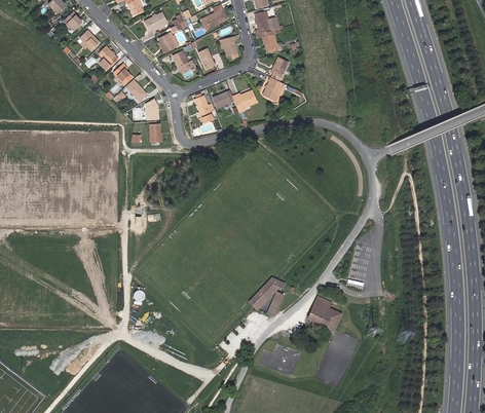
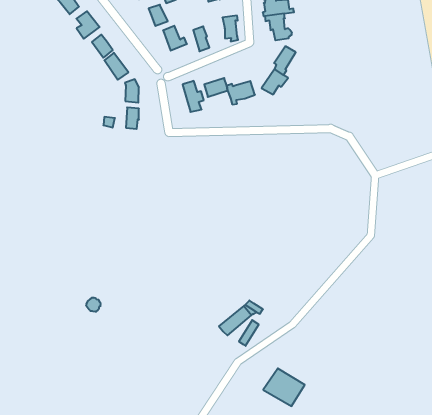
building: [307,300,342,331] -> [263,368,305,406]

